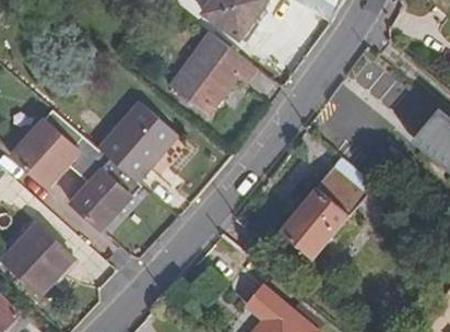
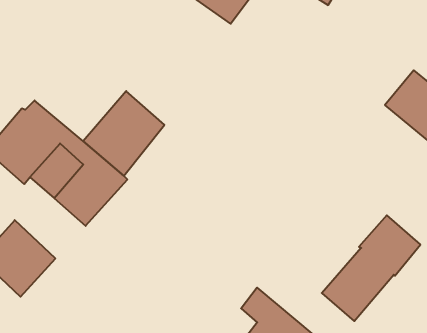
building: [170,33,257,114] -> none
building: [282,155,375,254] -> [322,215,420,321]

